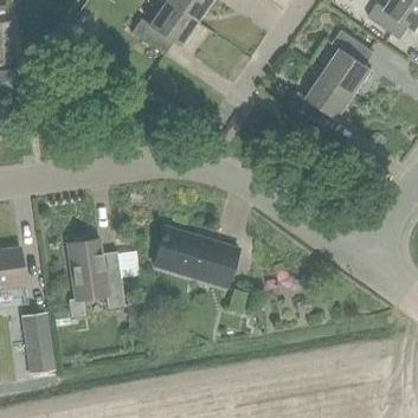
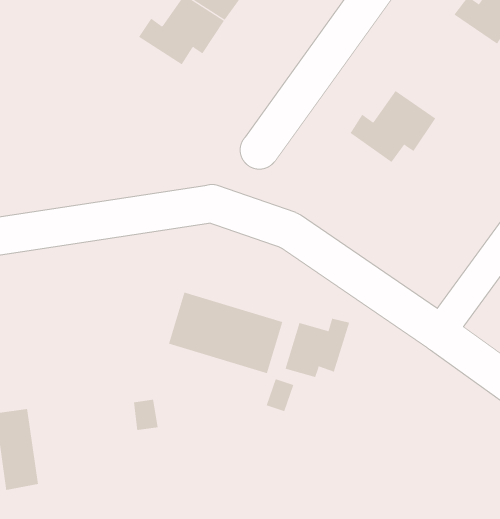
building: [322,30,372,95] -> none
building: [64,238,123,315] -> none
building: none -> [285,318,350,378]

